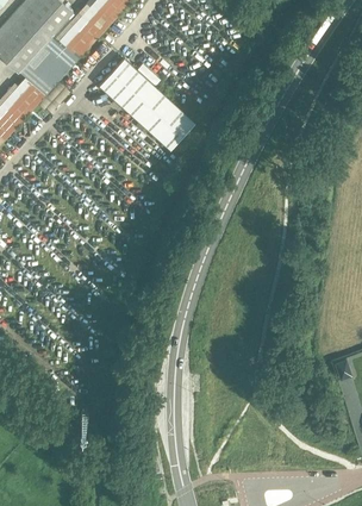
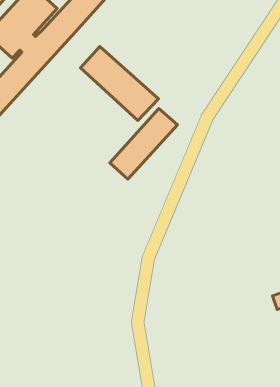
building: none -> [110,109,178,179]

